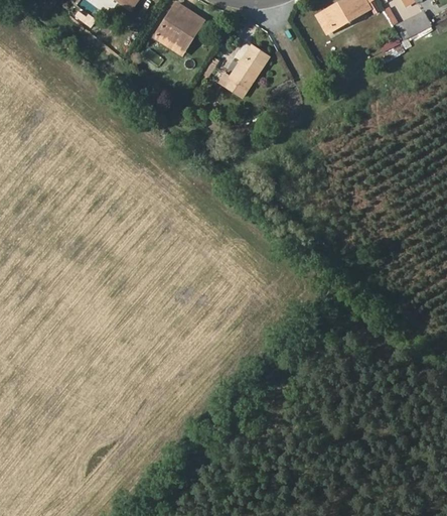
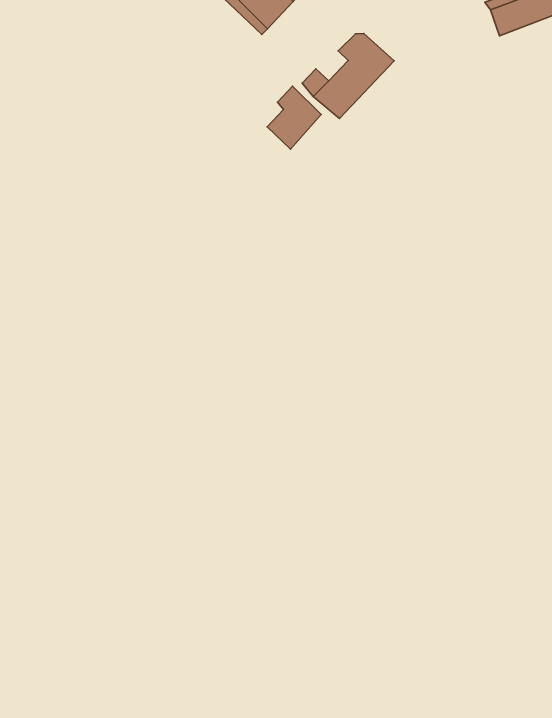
building: none -> [267,86,321,149]

